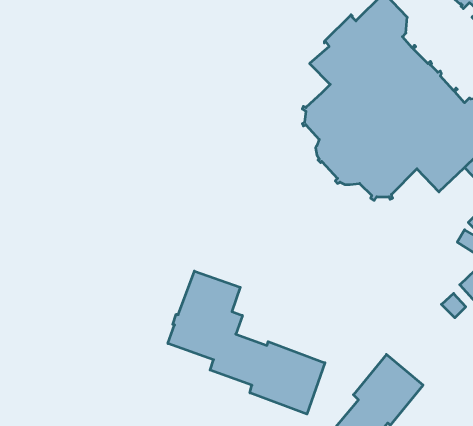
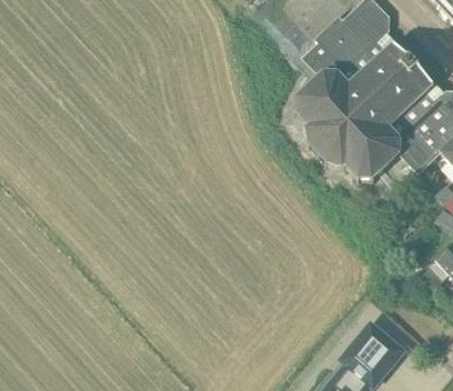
building: [168,271,325,414] -> none

